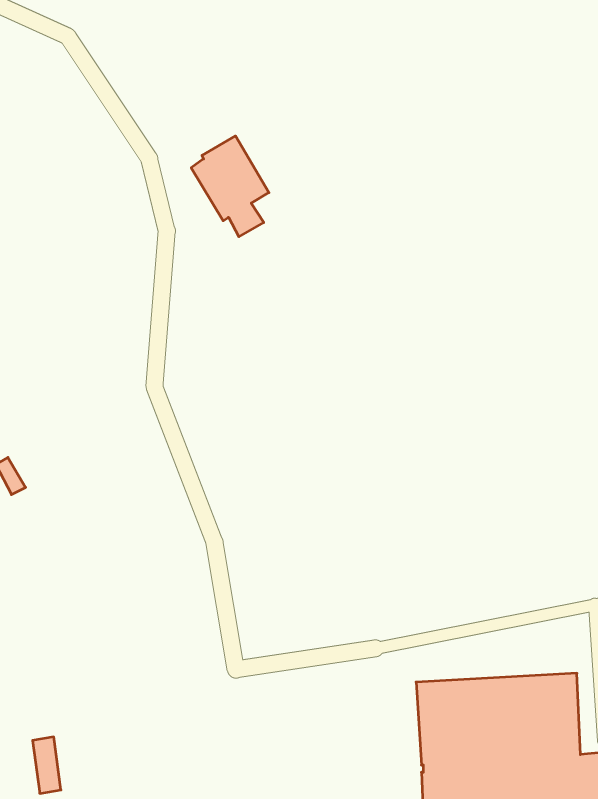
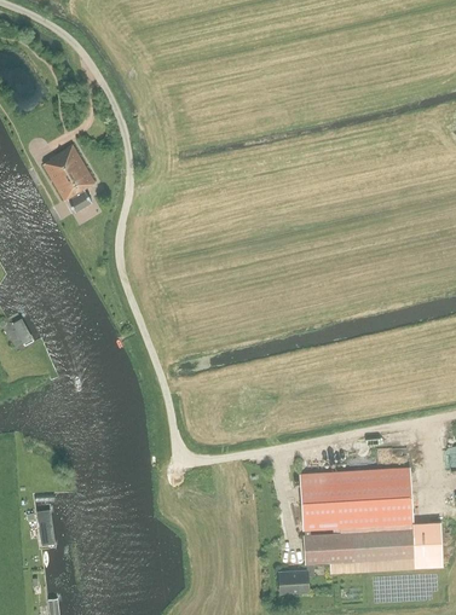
building: [191,136,269,237] -> [42,143,96,211]

